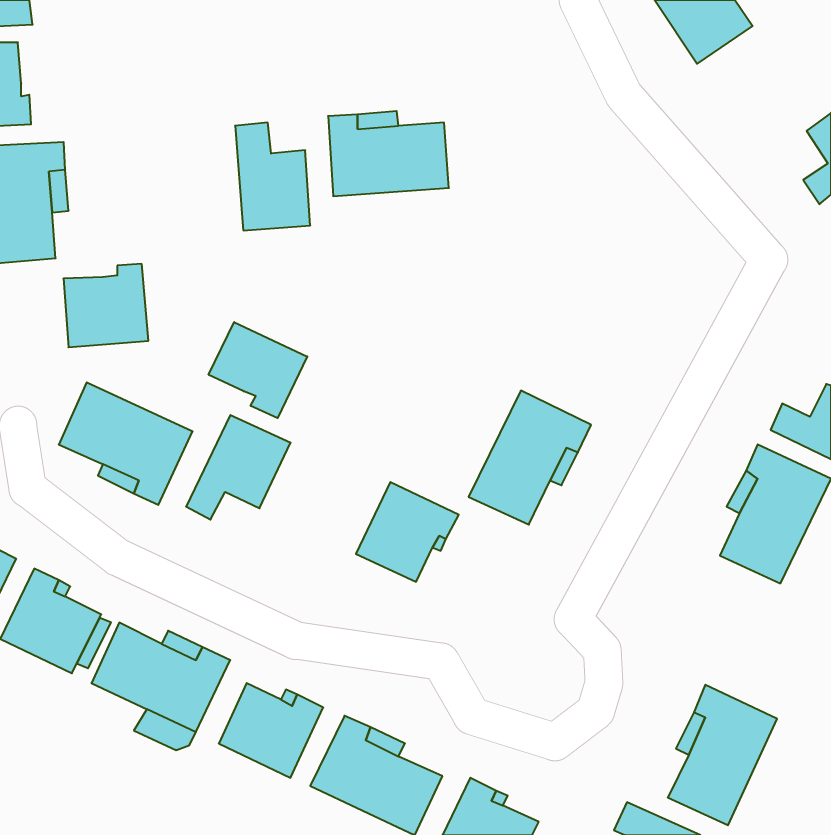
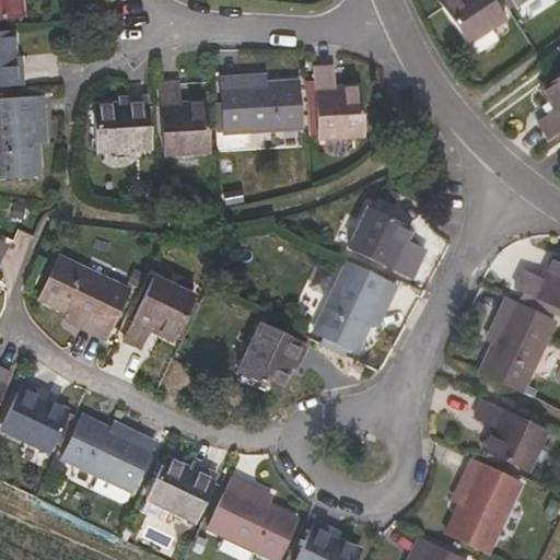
building: none -> [314,67,362,138]
building: [63,264,148,347] -> [93,95,150,151]
building: none -> [349,207,419,277]
building: [209,322,307,418] -> none
building: none -> [476,400,547,470]

